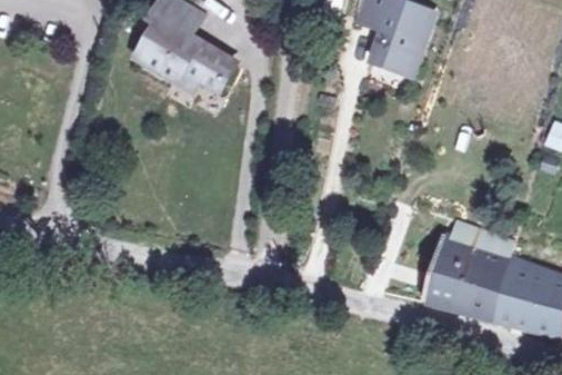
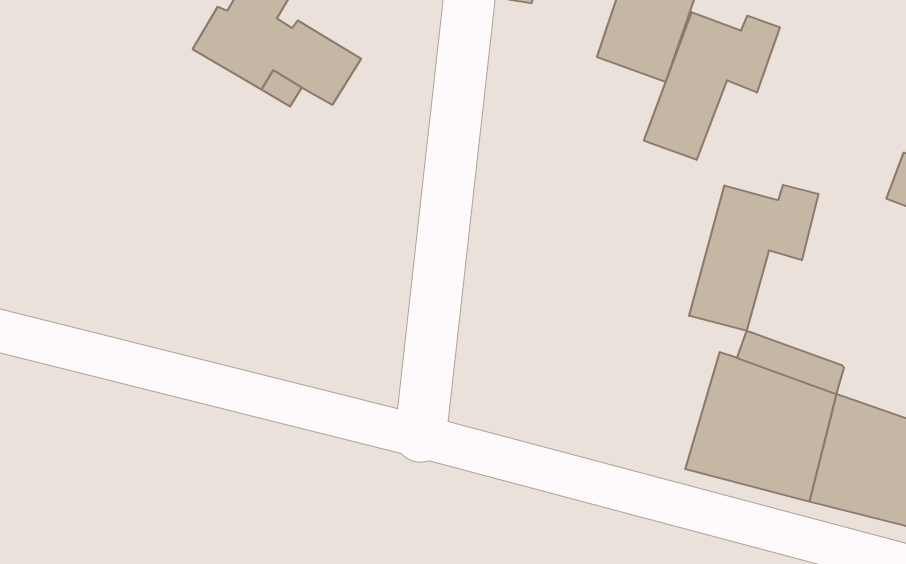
building: none -> [644,12,780,160]
building: none -> [689,185,818,331]

